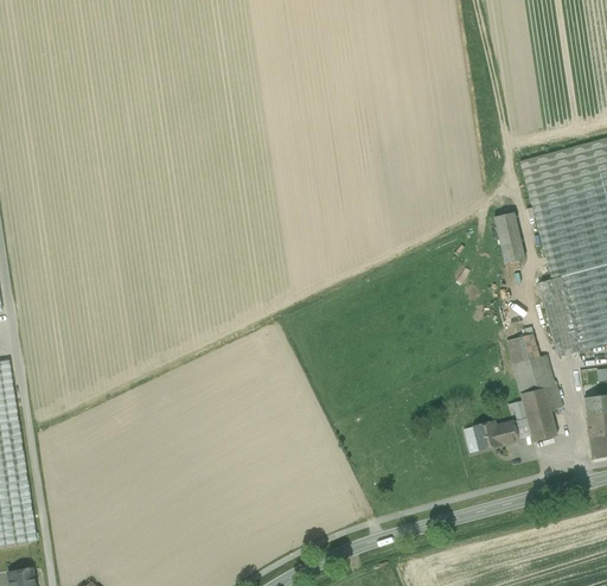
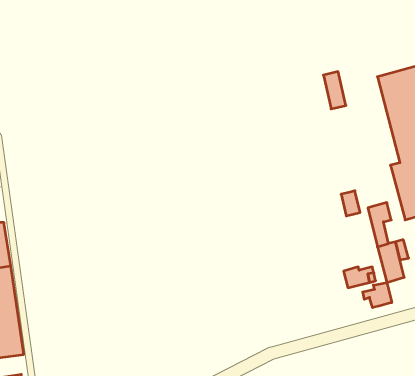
building: [494,212,525,263] -> [323,72,346,109]
building: [529,355,555,389] -> [341,191,360,216]
building: none -> [363,282,392,308]

